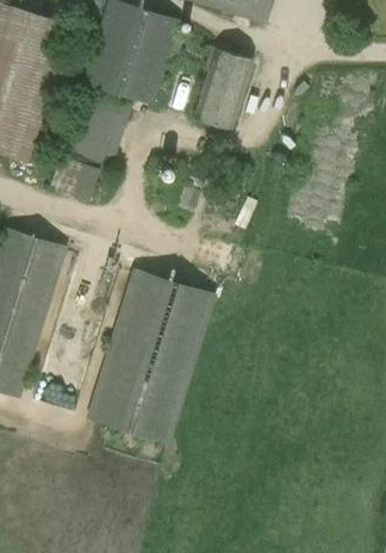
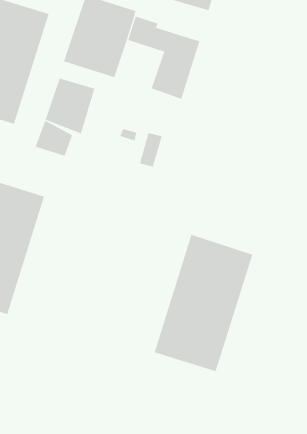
building: [92,272,213,441] -> [154,234,253,372]

